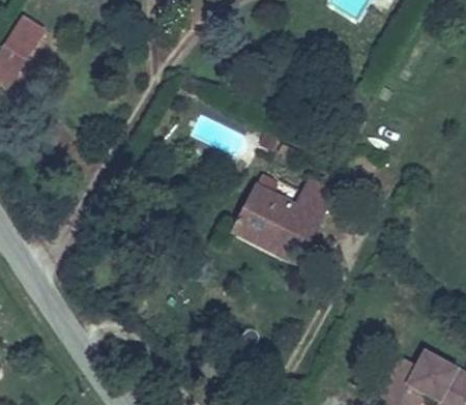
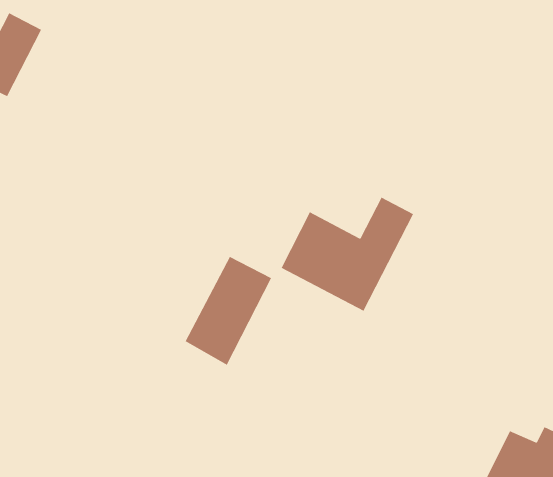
building: none -> [185,256,272,366]

